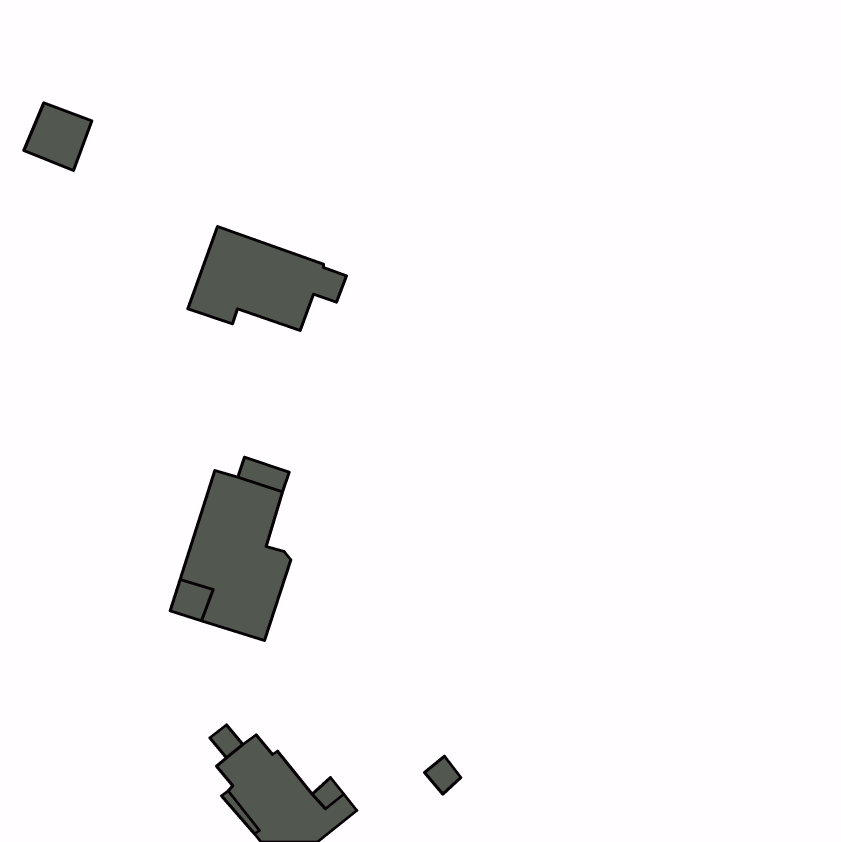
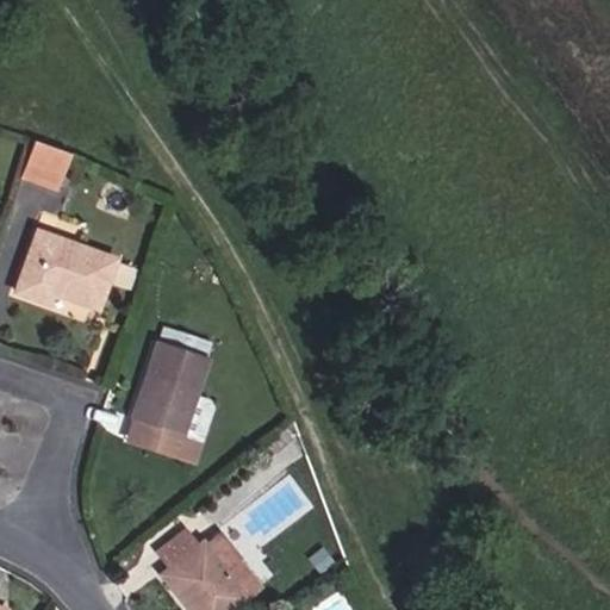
building: [24,103,92,170] -> [21,141,70,189]
building: [188,226,347,330] -> [17,231,131,306]

